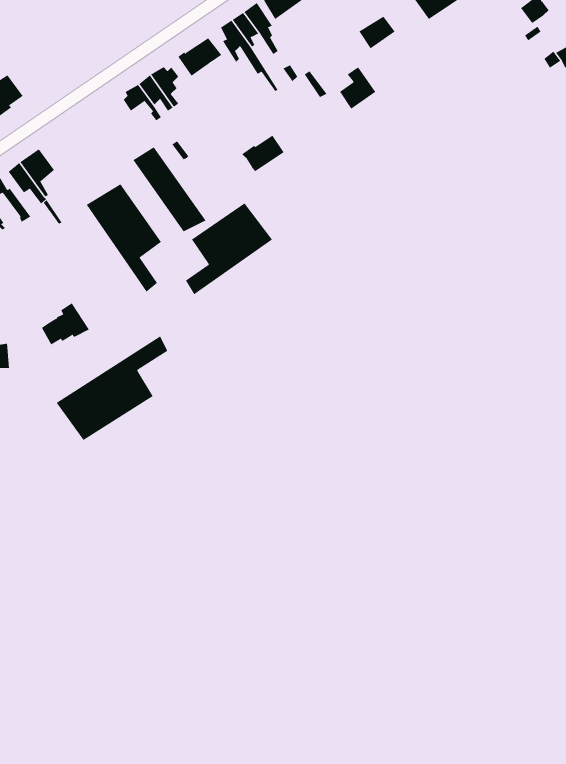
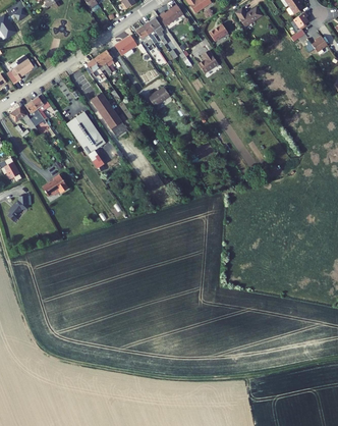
building: [185,203,273,295] -> none
building: [56,336,168,441] -> none

